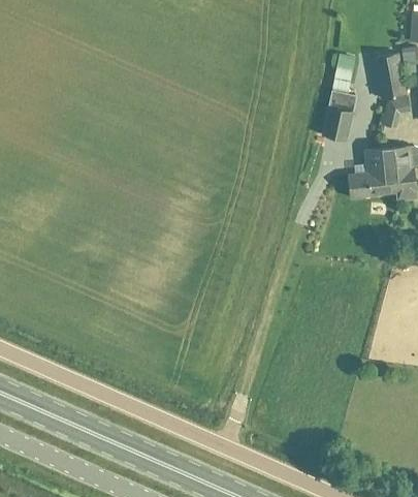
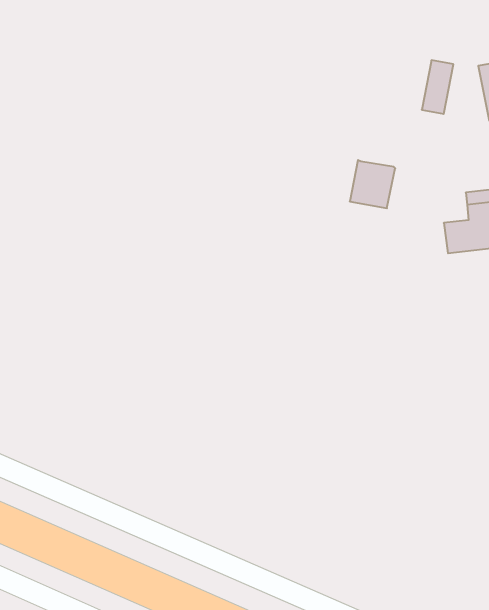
building: [320,104,354,141] -> [350,160,395,208]

